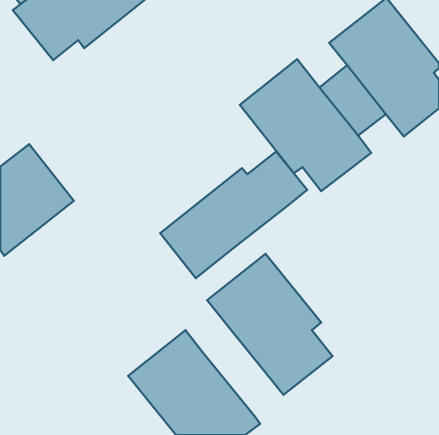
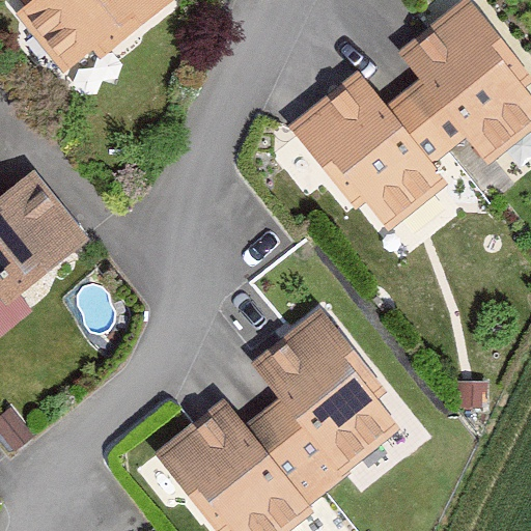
building: [160,152,307,278] -> none
building: none -> [245,399,342,504]

